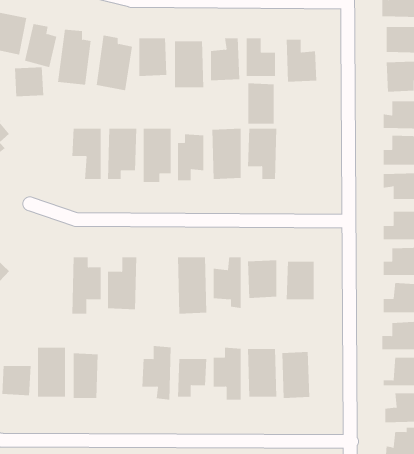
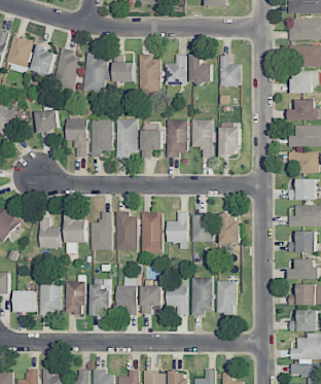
building: [14,67,44,97] -> [36,110,58,132]
building: [247,83,275,124] -> [220,127,240,156]
building: none -> [115,214,137,250]
building: none -> [40,218,61,248]
building: none -> [91,281,110,315]

